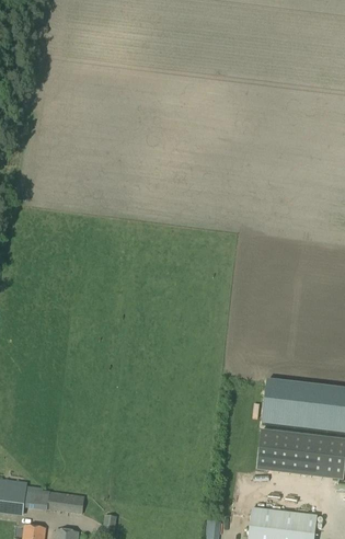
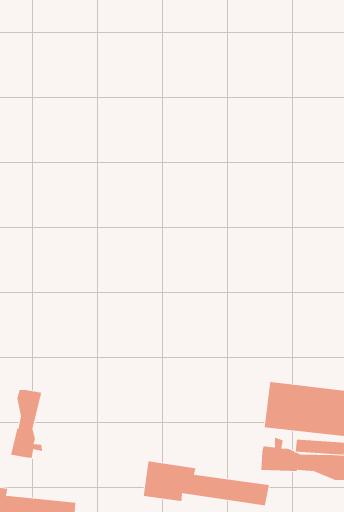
building: none -> [11,389,43,458]
building: none -> [143,460,269,506]

